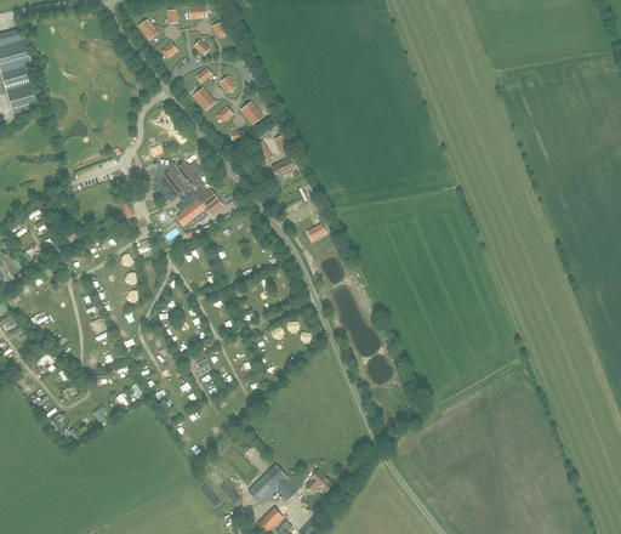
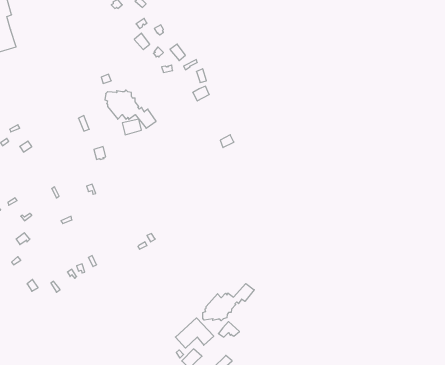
building: none -> [203,284,254,321]

